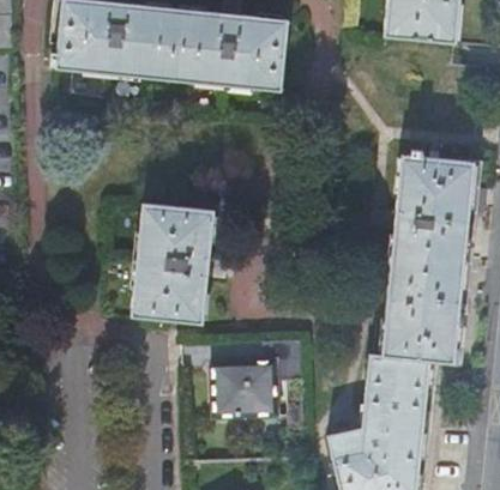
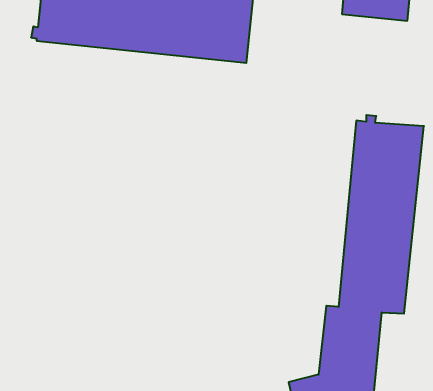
building: [132,201,216,322] -> none
building: [212,357,279,419] -> none

